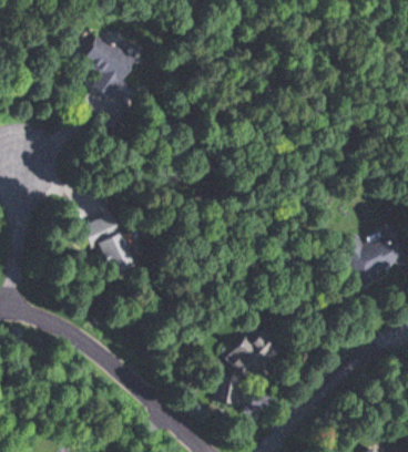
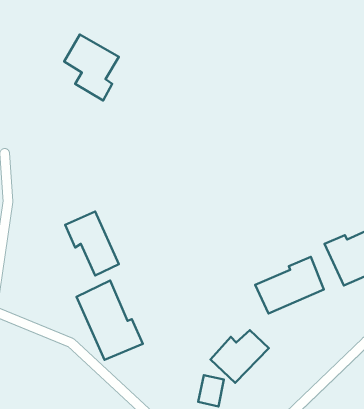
building: none -> [255,257,324,314]
building: none -> [77,281,143,360]

